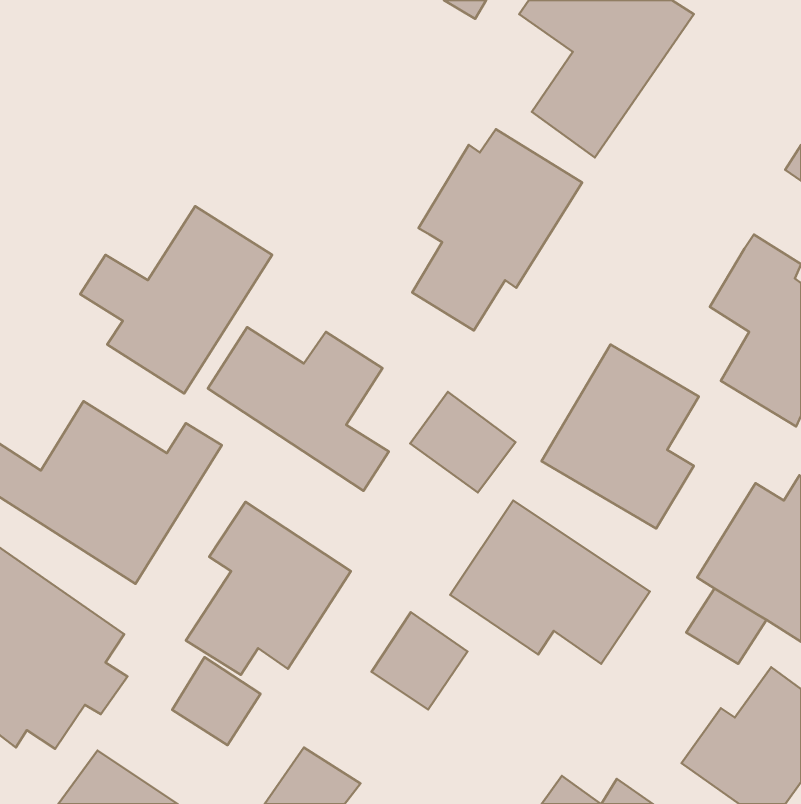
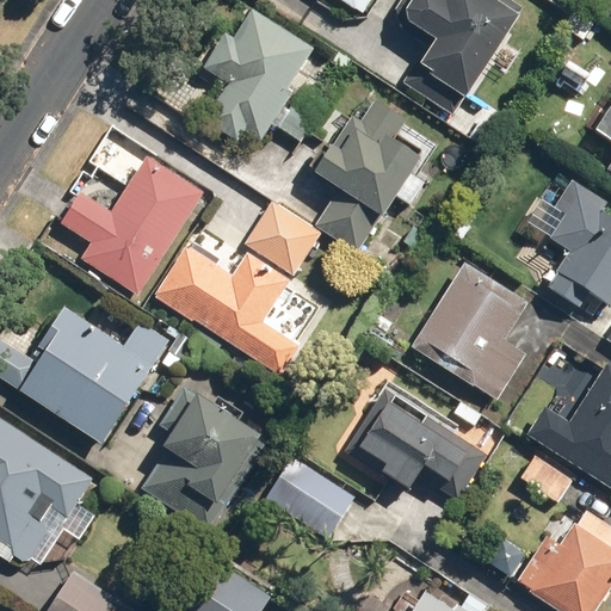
building: none -> [189,8,320,146]
building: [410,392,516,492] -> [245,198,325,274]
building: [172,657,261,745] -> none

